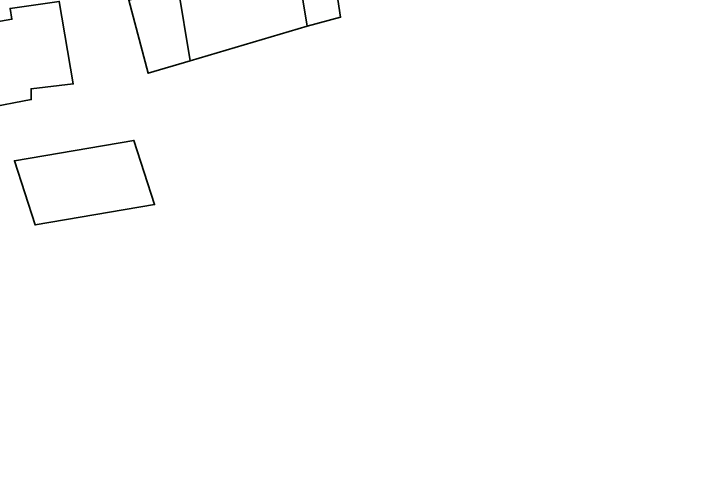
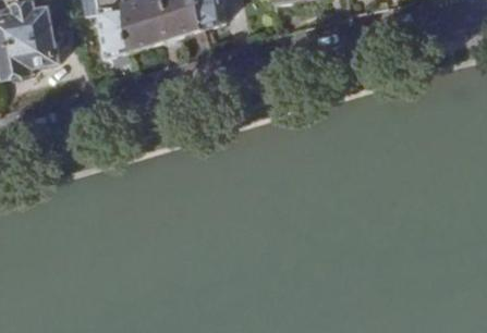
building: [14,141,154,225] -> none

